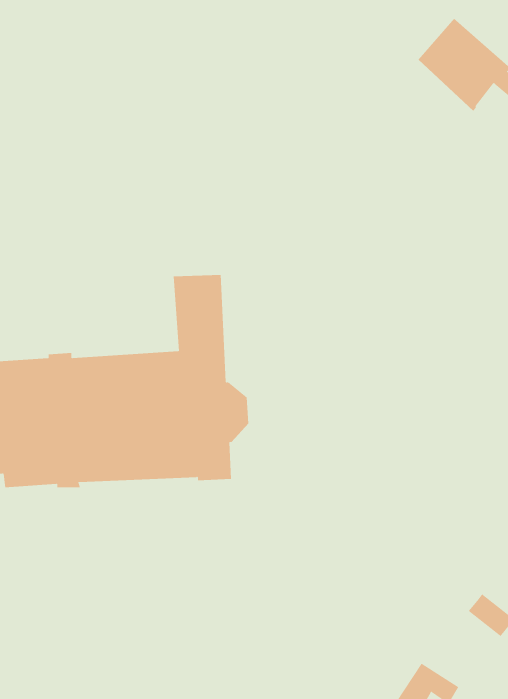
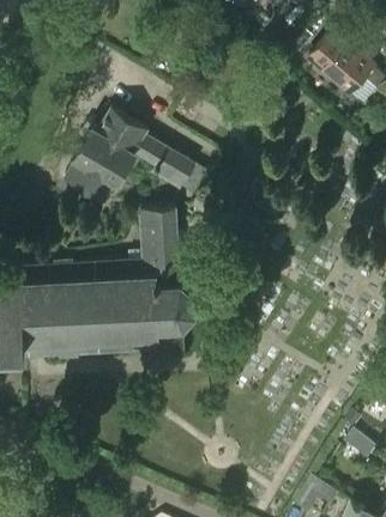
building: none -> [67,108,194,197]

